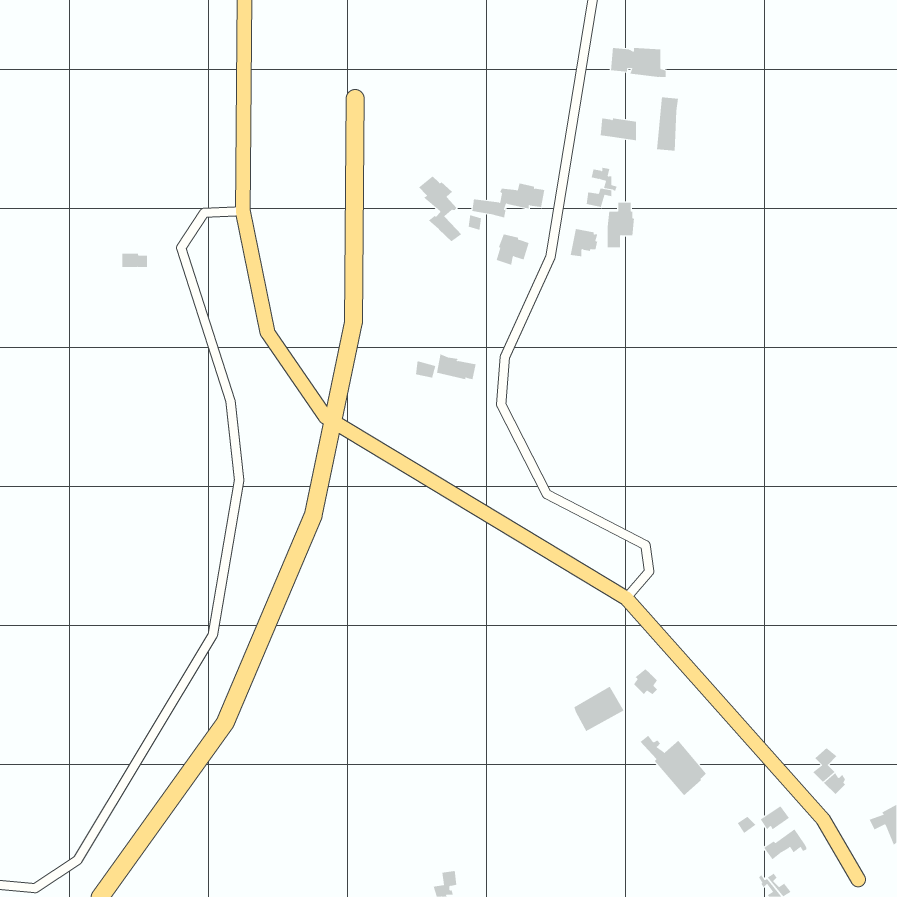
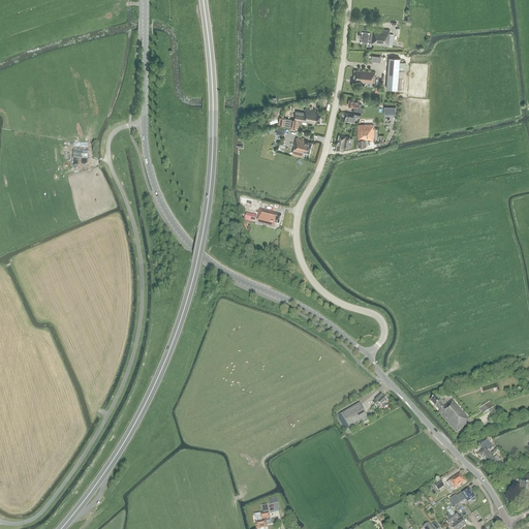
building: [418,175,462,242] -> none
building: [640,735,707,796] -> [429,396,468,432]

